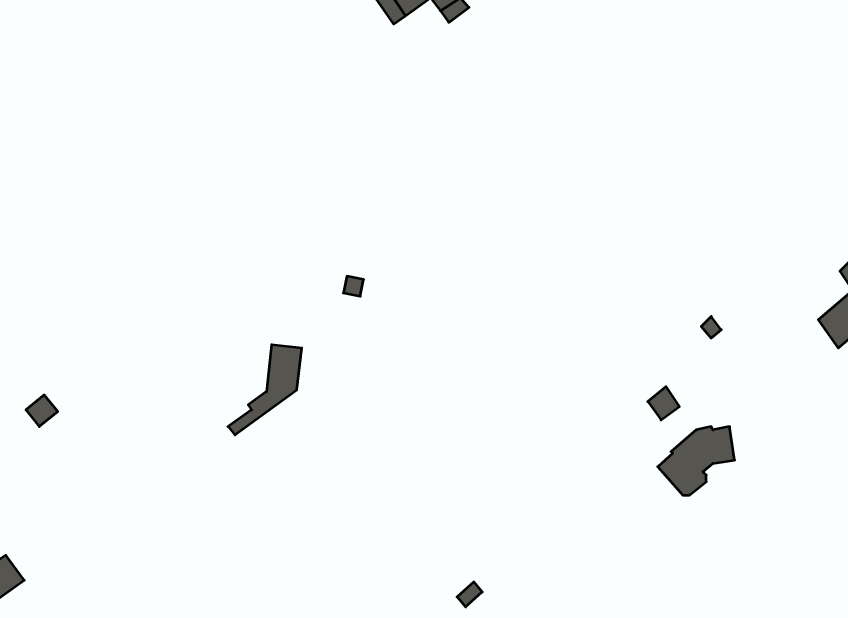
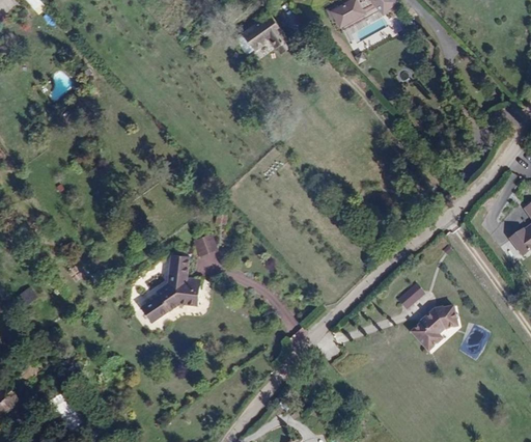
building: none -> [195,236,220,267]
building: none -> [148,284,200,322]

